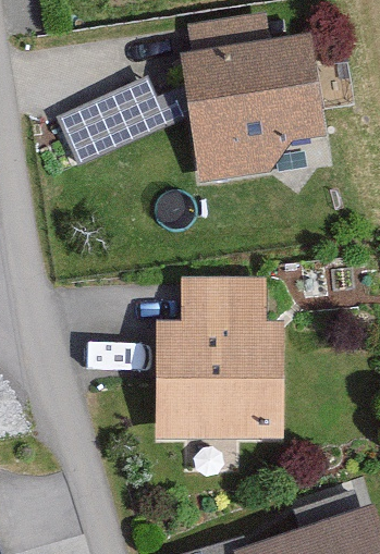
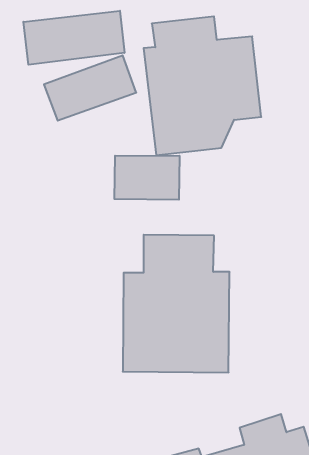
building: none -> [23,11,124,65]
building: none -> [114,156,179,200]

